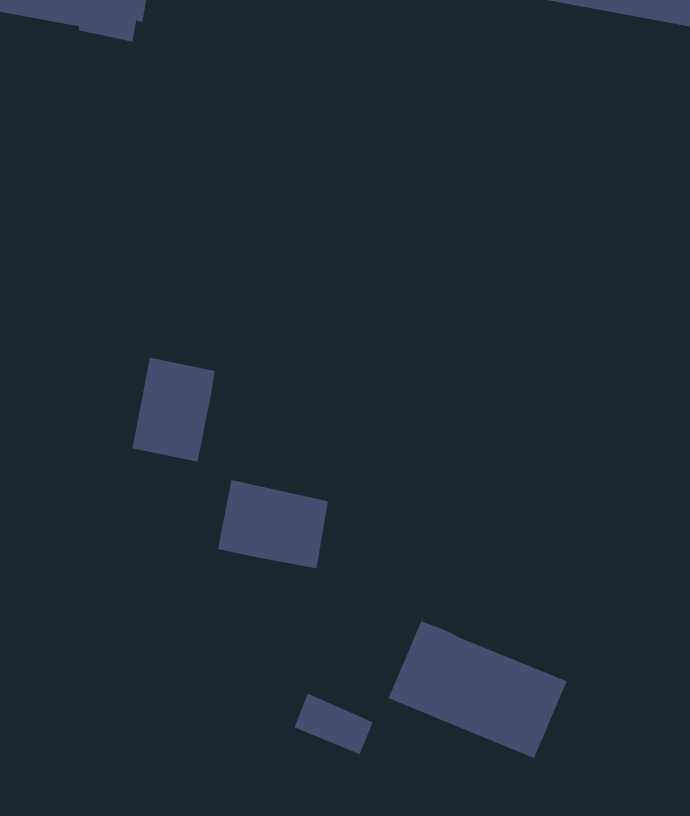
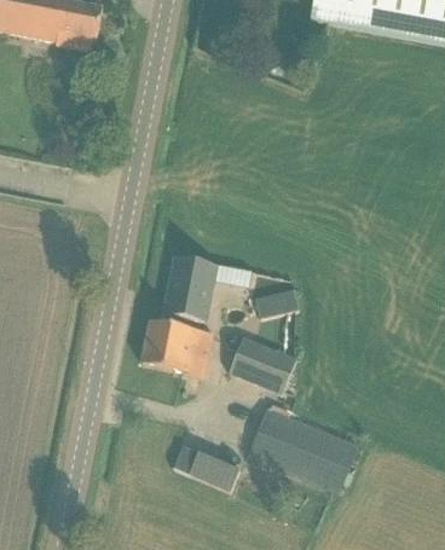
building: [132,357,216,462] -> [163,254,215,319]
building: none -> [255,285,299,315]
building: none -> [225,331,295,392]

